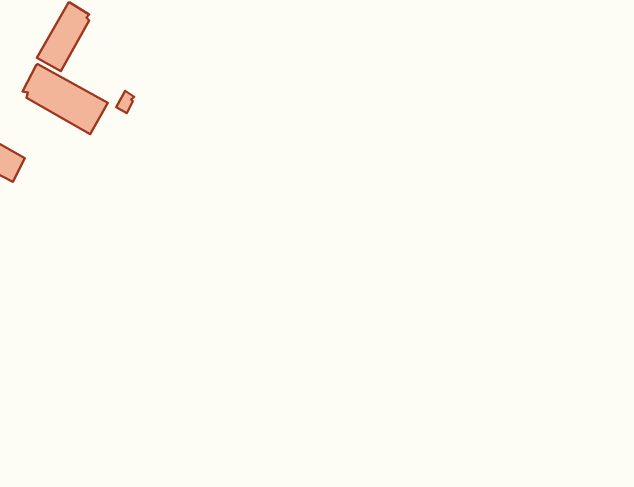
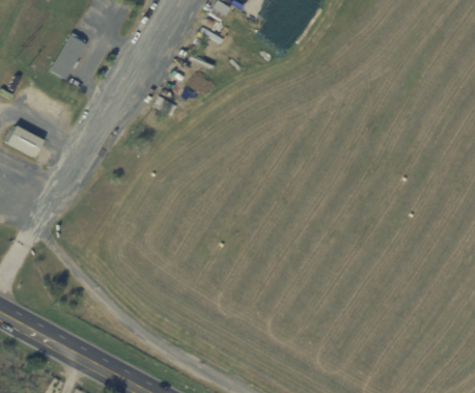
building: [23,64,108,134] -> none

